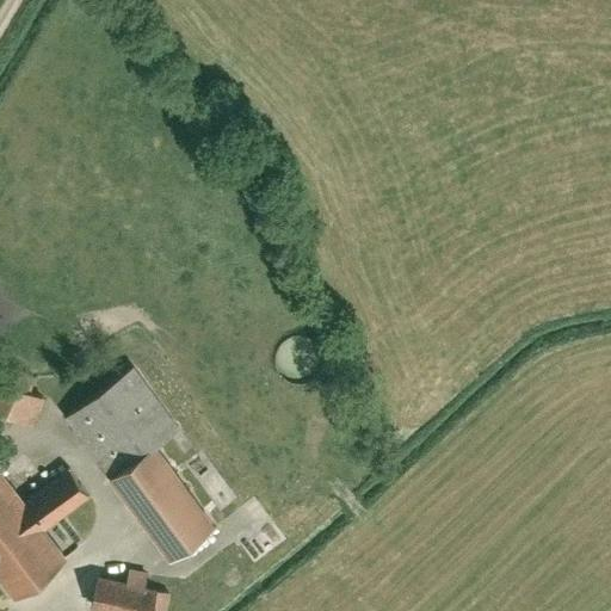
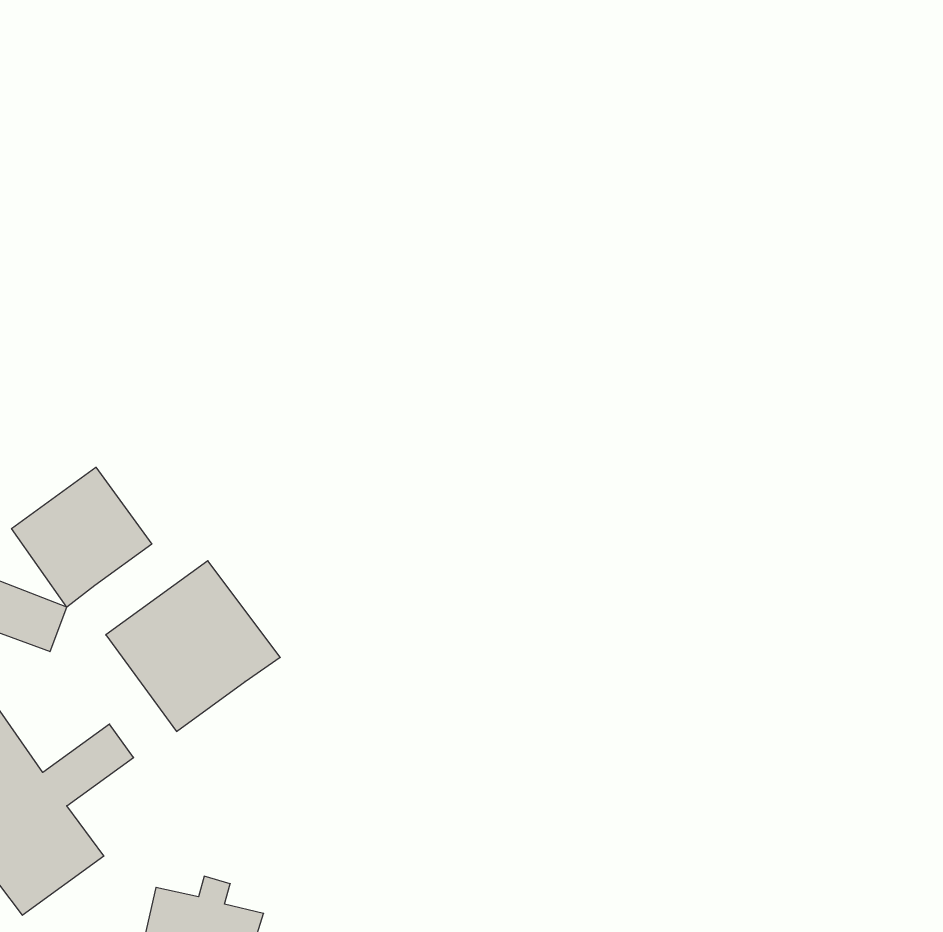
building: none -> [12,467,152,607]
building: [113,449,216,561] -> none

